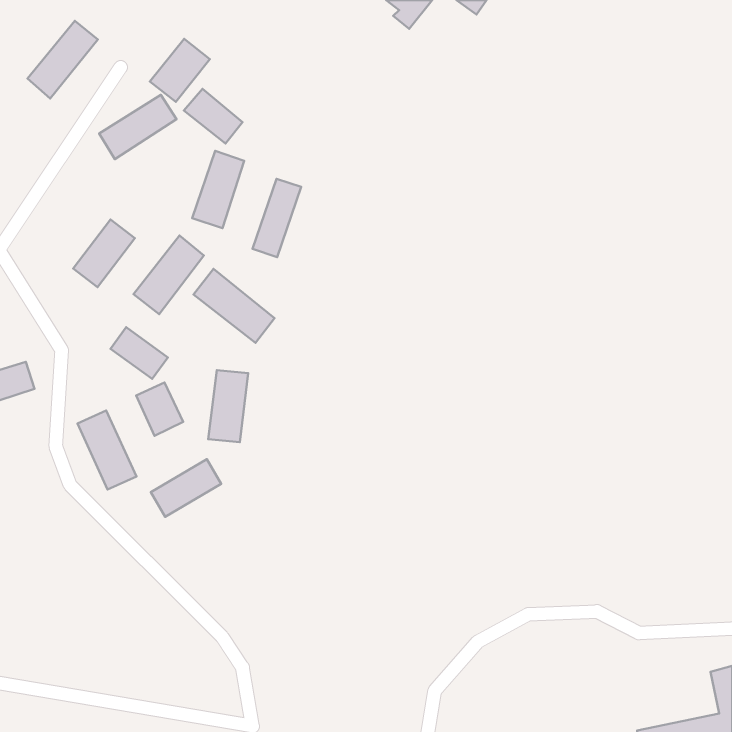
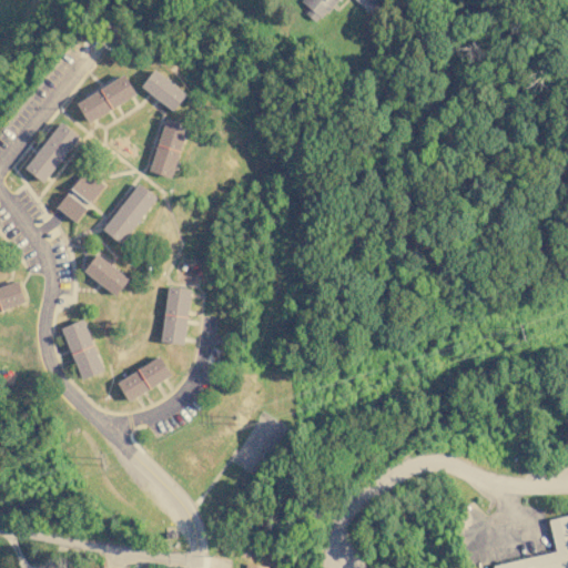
building: [27,21,98,98] -> [26,123,80,183]
building: [150,39,210,102] -> none
building: [252,179,301,257] -> none
building: [193,269,274,343] -> none
building: [136,383,183,436] -> none

